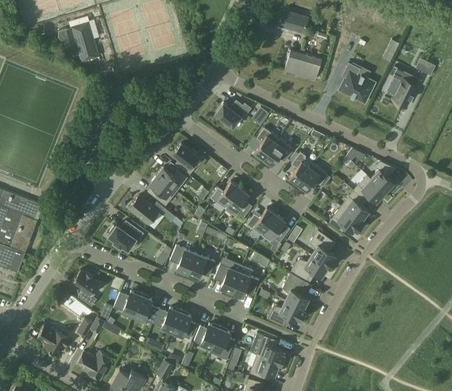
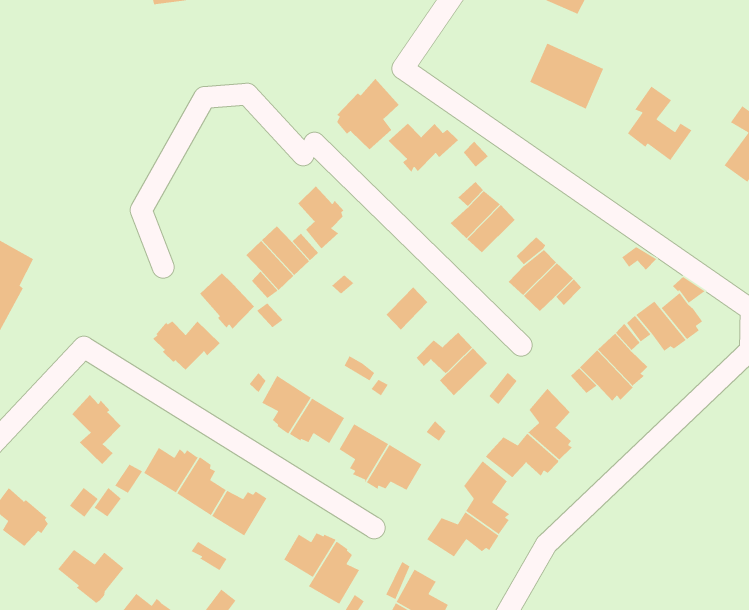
building: none -> [336,78,400,150]
building: [210,182,240,209] -> none
building: [172,310,196,339] -> none

